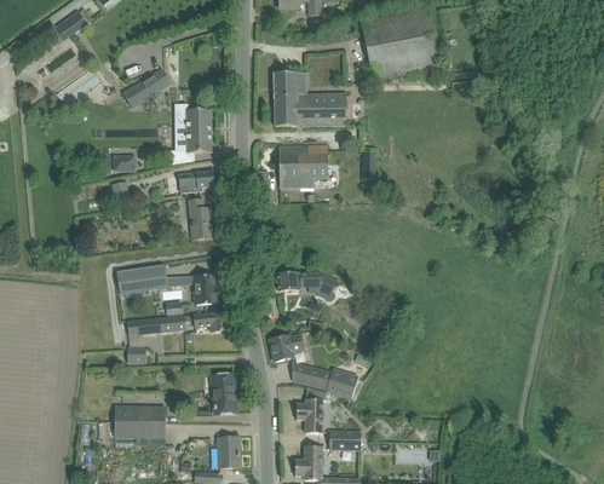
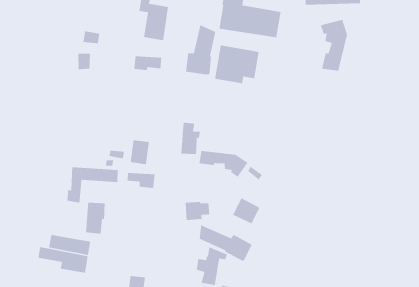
building: none -> [320,19,348,71]
building: none -> [185,24,216,75]
building: [188,198,211,238] -> [181,122,201,155]
building: [115,264,166,293] -> none
building: none -> [232,197,261,225]
building: [211,373,235,413] -> [85,202,106,235]

